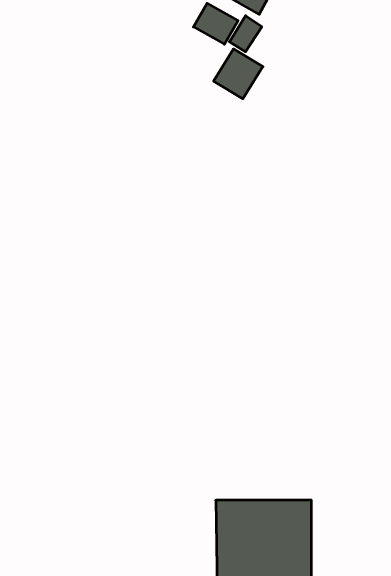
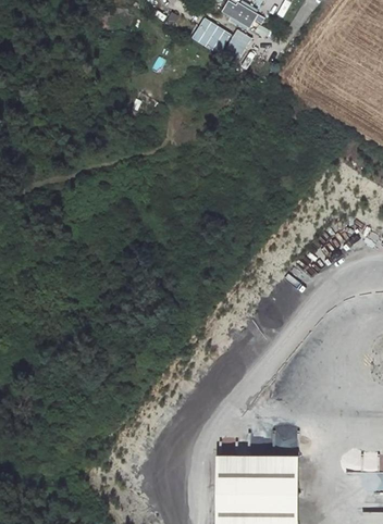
building: [214,49,263,99] -> none

